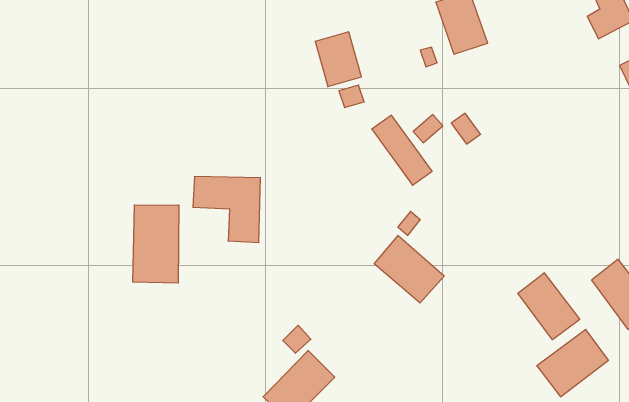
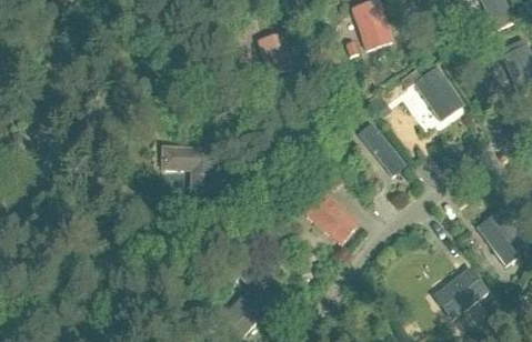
building: none -> [410,68,459,121]
building: [372,115,432,185] -> [360,120,408,175]
building: [133,205,179,283] -> none
building: [518,273,580,340] -> none

